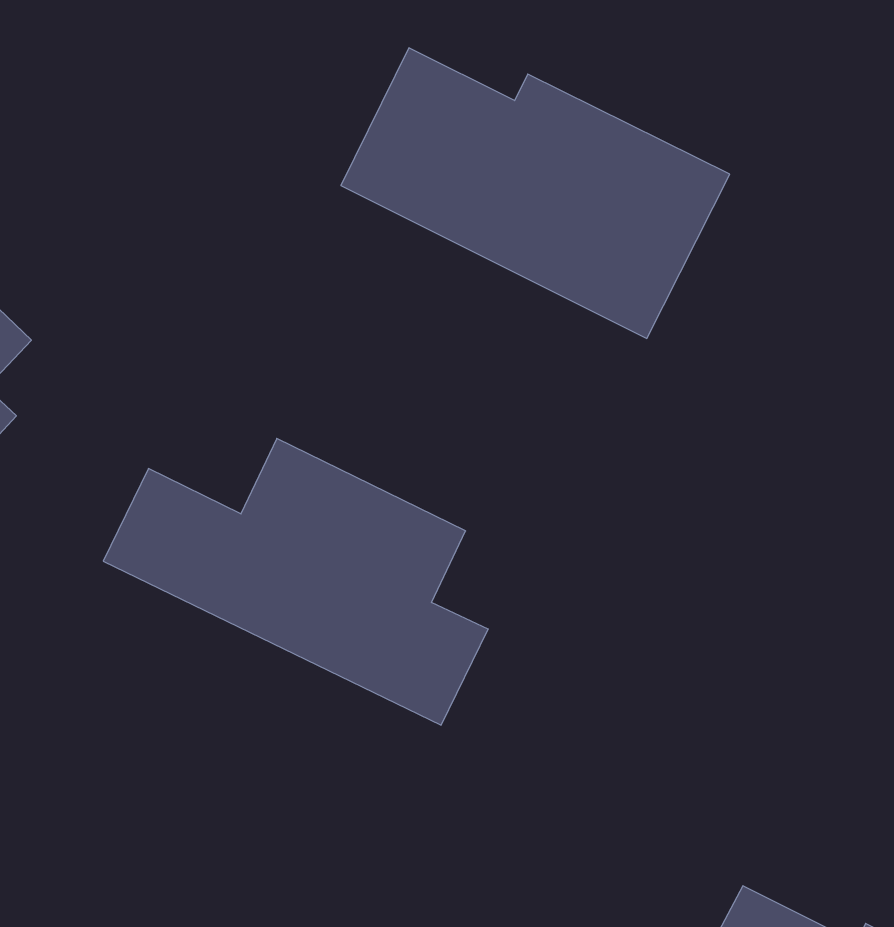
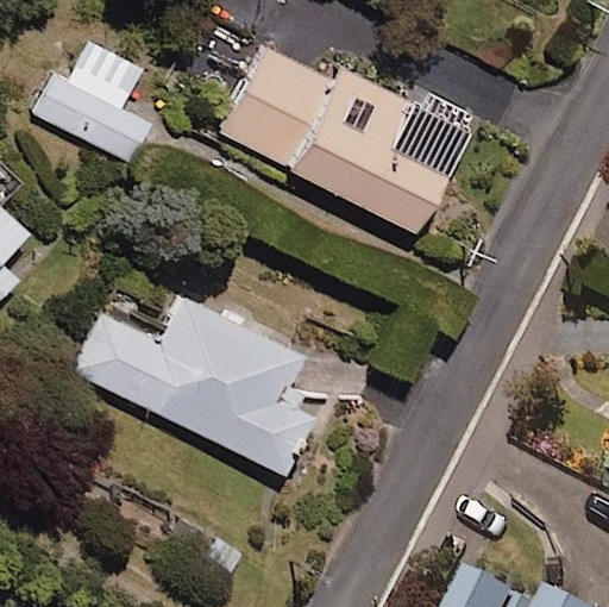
building: none -> [33,42,147,163]

